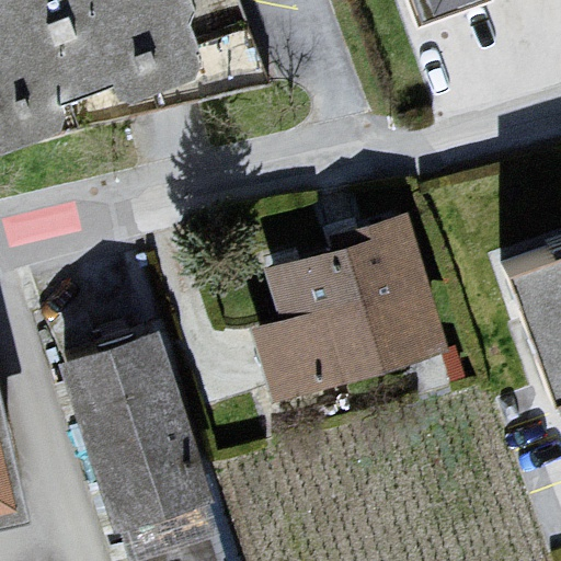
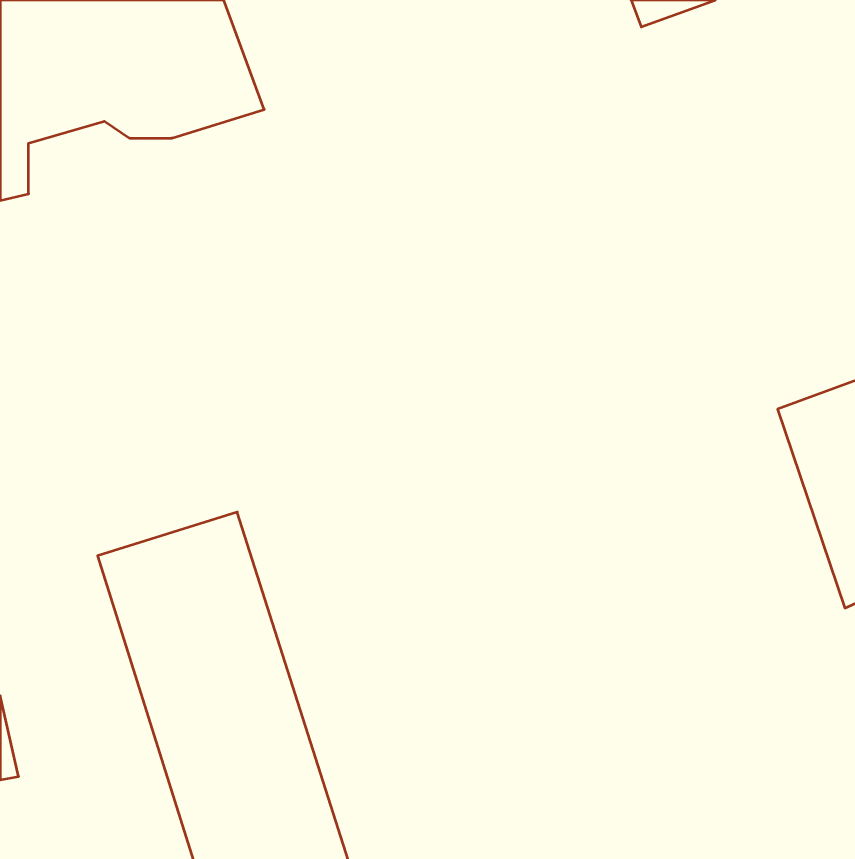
building: [251,224,447,401] -> none

